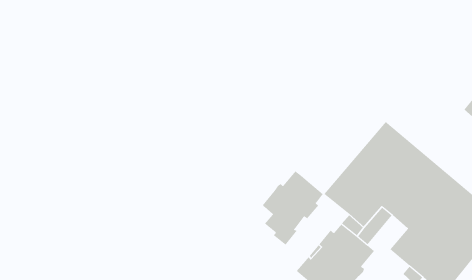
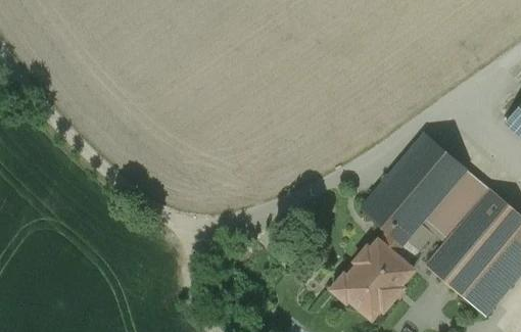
building: [262,170,324,245] -> none

